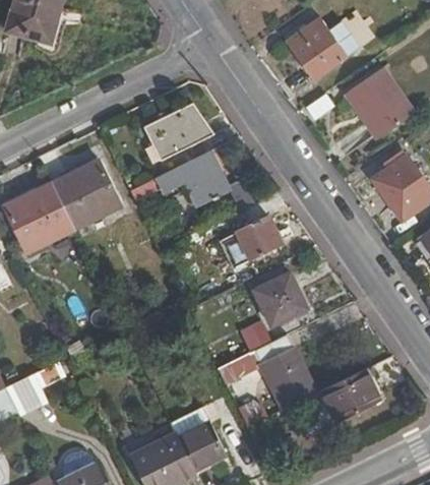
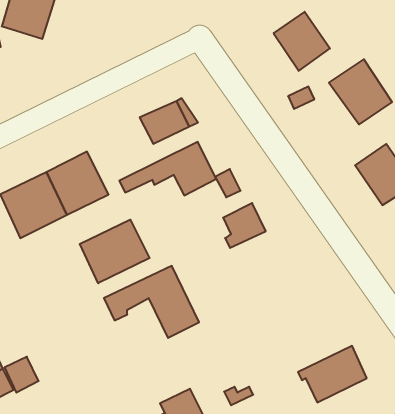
building: none -> [80,220,150,283]
building: [253,275,307,326] -> none
building: [214,335,314,410] -> [104,266,199,338]

